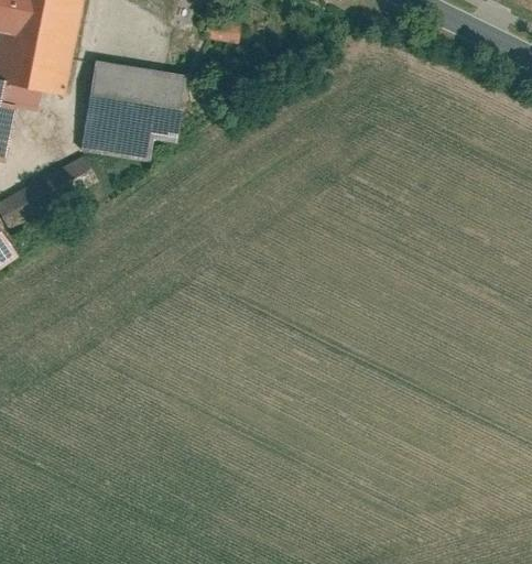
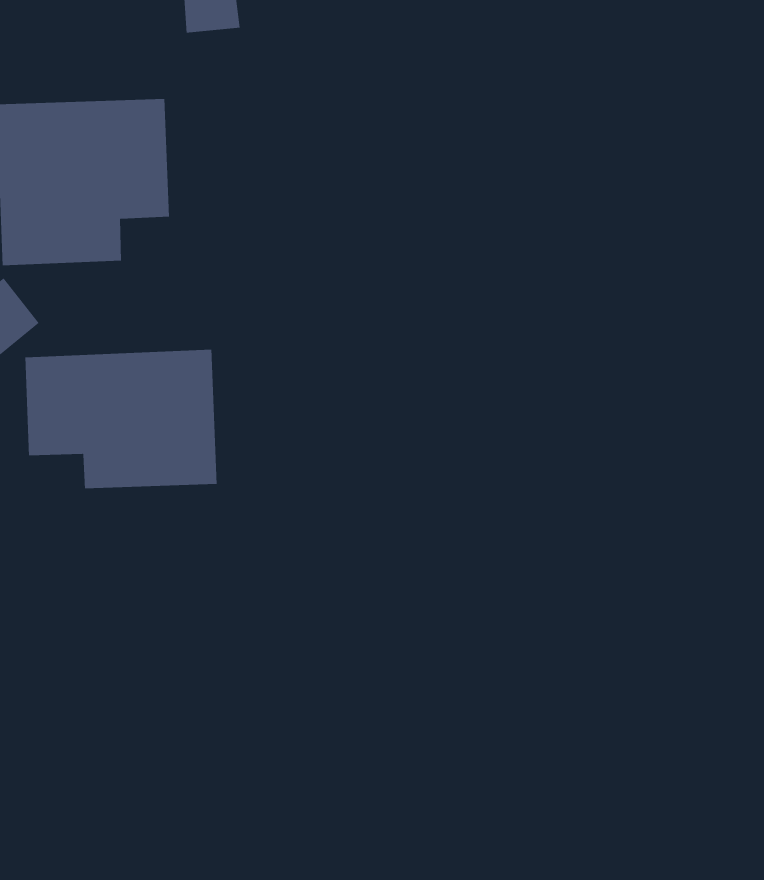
building: none -> [25,349,217,489]

